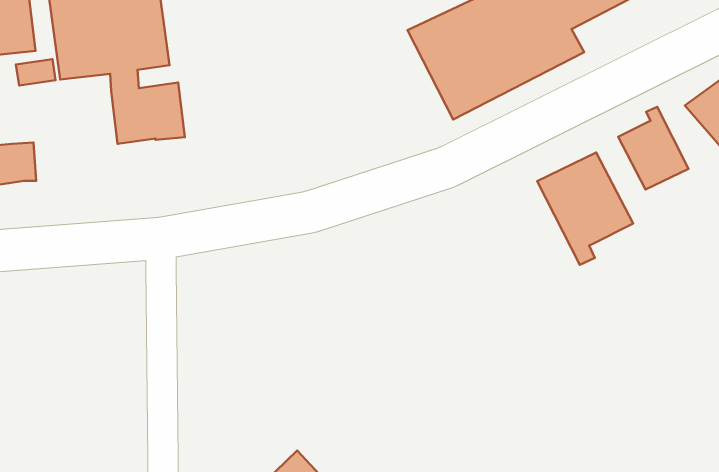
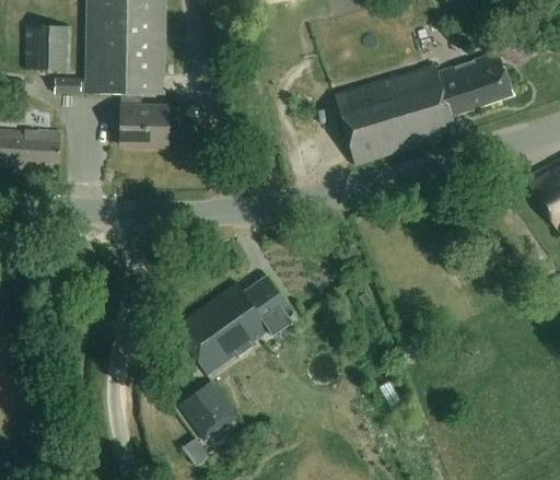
building: [618,107,689,190] -> none
building: [537,153,633,265] -> none
building: none -> [175,276,294,376]

